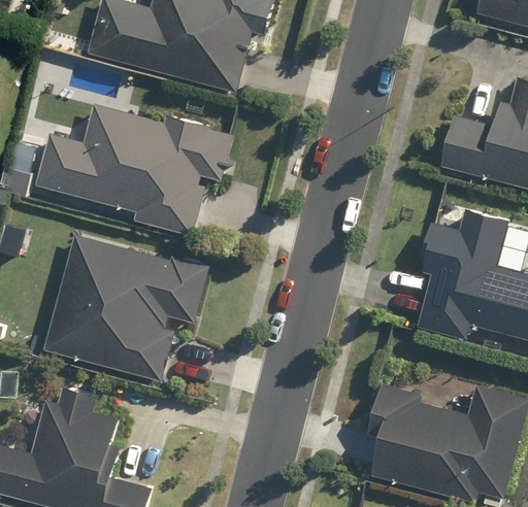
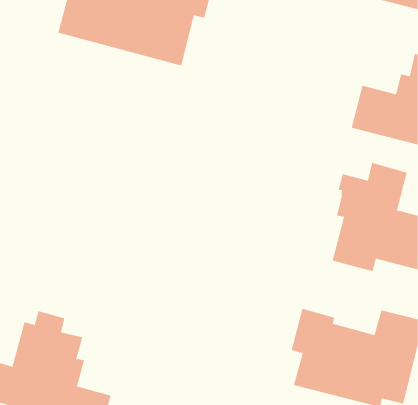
building: [36,104,234,236] -> none
building: [43,235,210,381] -> none

